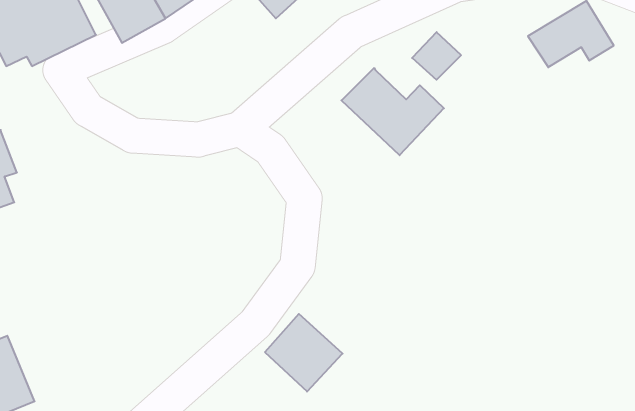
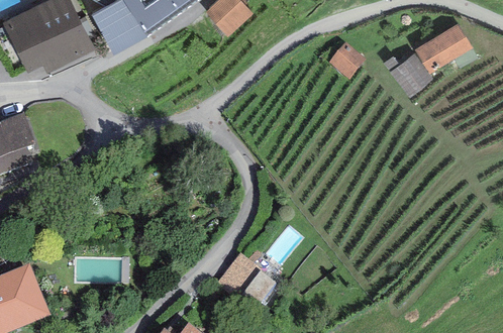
building: none -> [389,49,432,93]
building: [341,68,444,155] -> none

